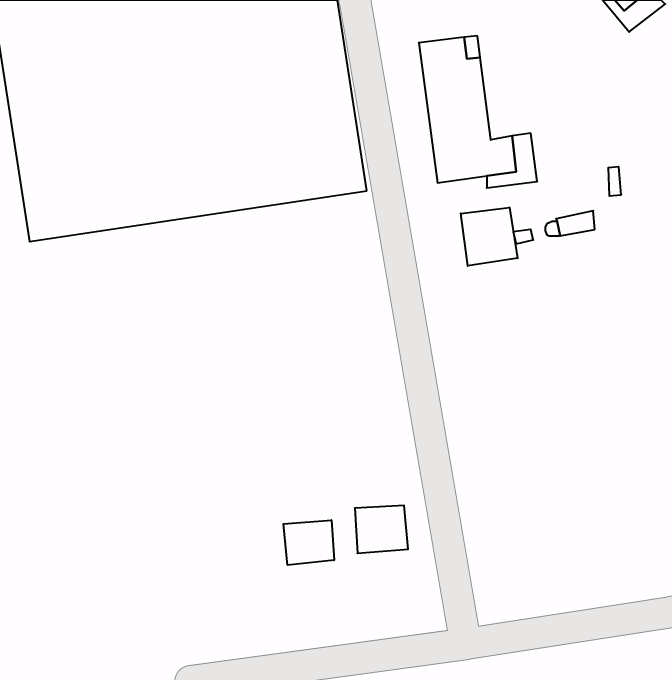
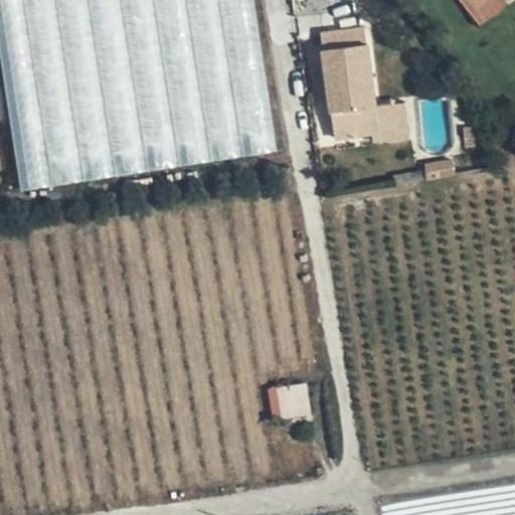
building: [461,207,518,266] -> none
building: [283,520,334,565] -> none

